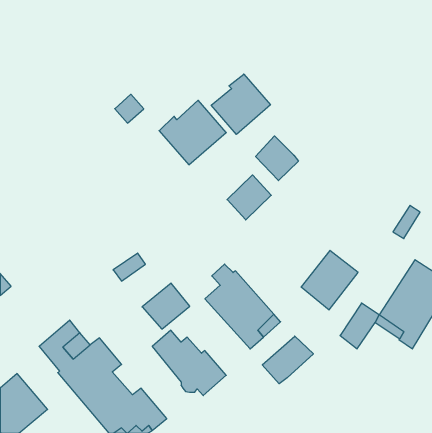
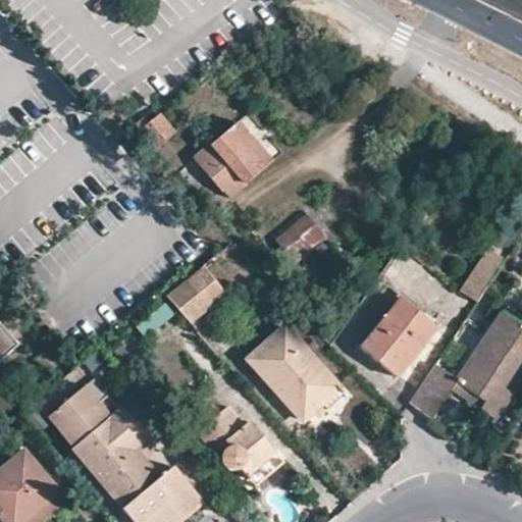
building: [211,74,270,134] -> none
building: [256,136,298,181] -> none
building: [142,283,190,329] -> [165,265,222,320]
building: [262,336,313,384] -> none

